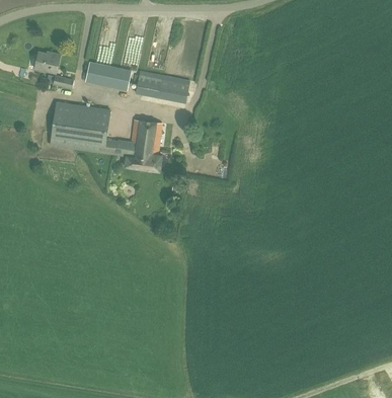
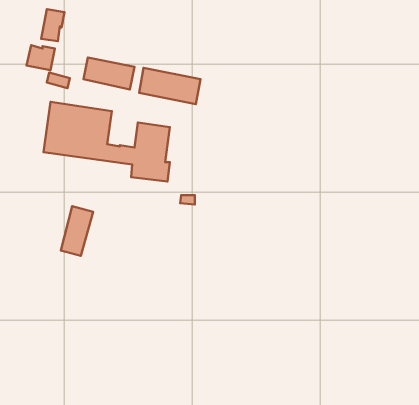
building: none -> [41,9,64,41]
building: none -> [61,206,93,256]

